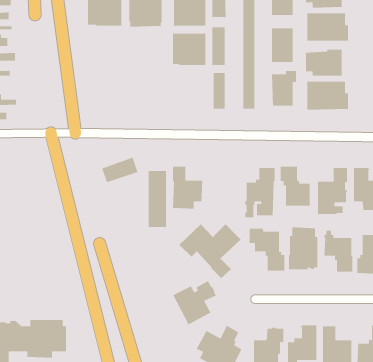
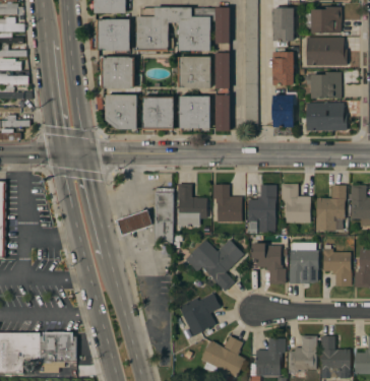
building: none -> [101,57,135,88]
building: none -> [106,94,137,129]
building: none -> [142,96,174,130]
building: none -> [179,96,210,128]
building: [101,156,138,183] -> [117,209,152,235]
building: none -> [212,184,242,223]

